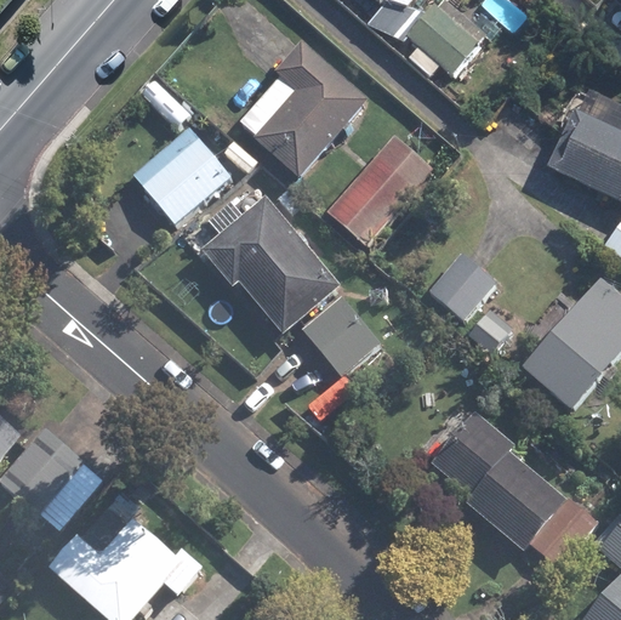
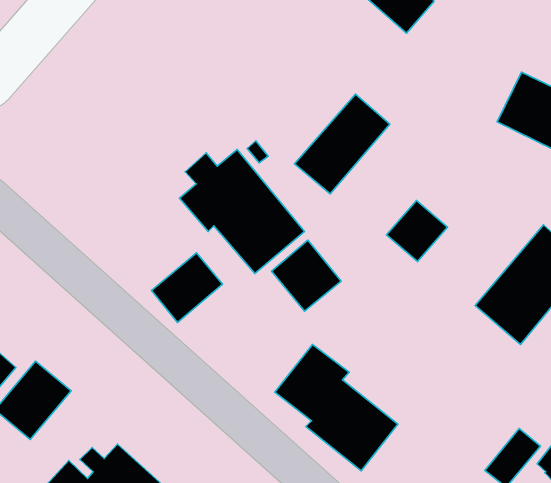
building: [239,42,368,177] -> none
building: [131,125,232,224] -> none
building: none -> [151,253,223,323]
building: [434,413,569,551] -> [275,345,398,471]

